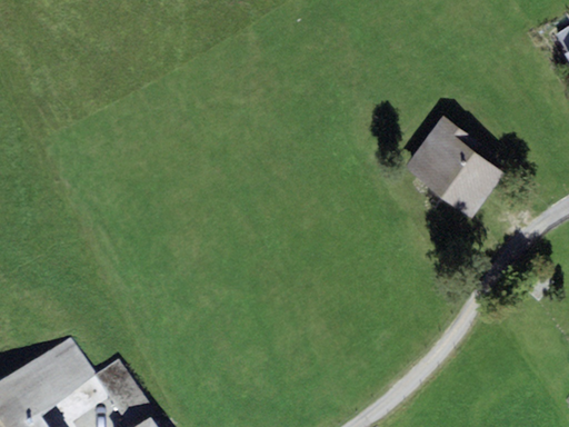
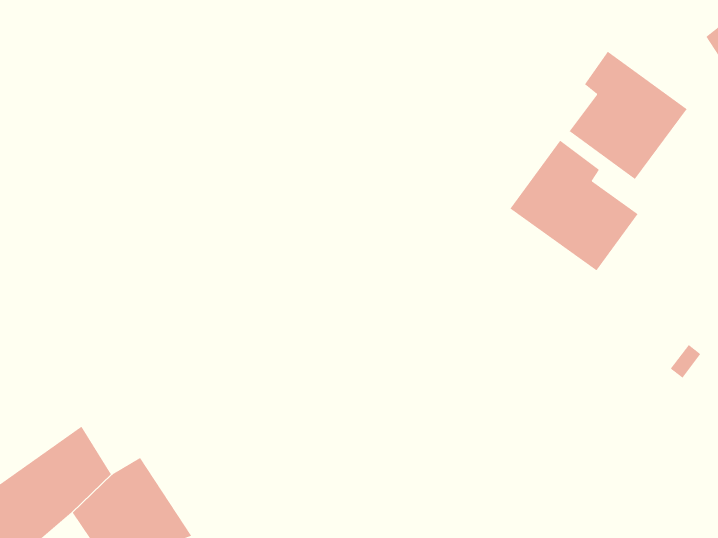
building: none -> [569,51,687,180]

